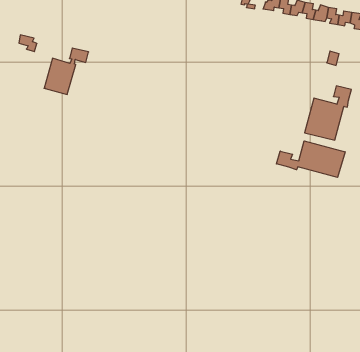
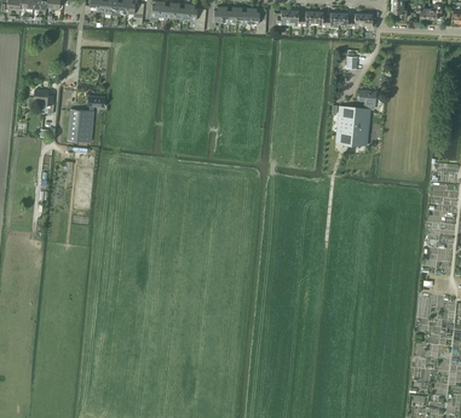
building: [276,141,345,177] -> none

